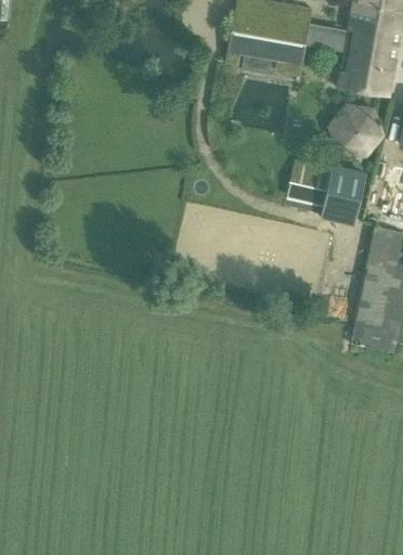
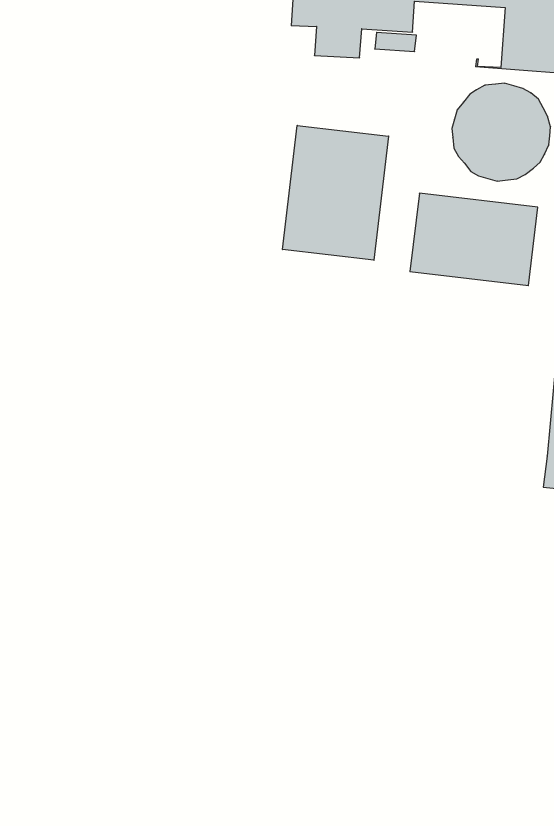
building: none -> [283,125,389,260]

